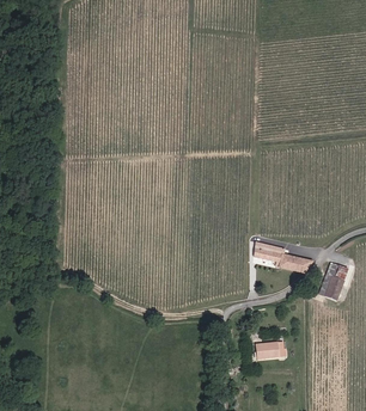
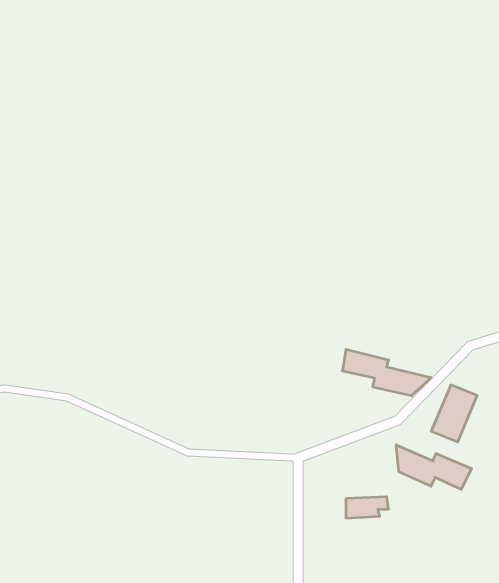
building: none -> [396,445,472,489]

